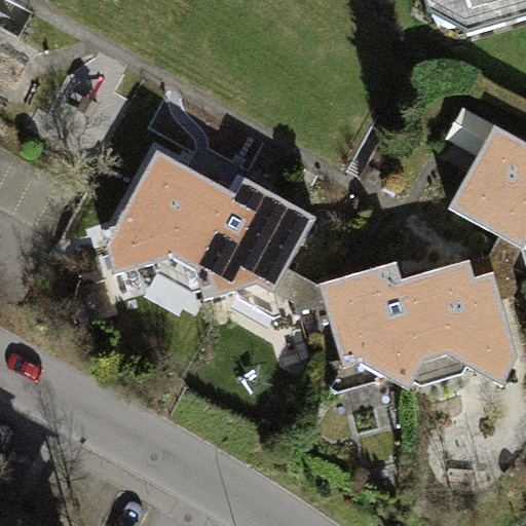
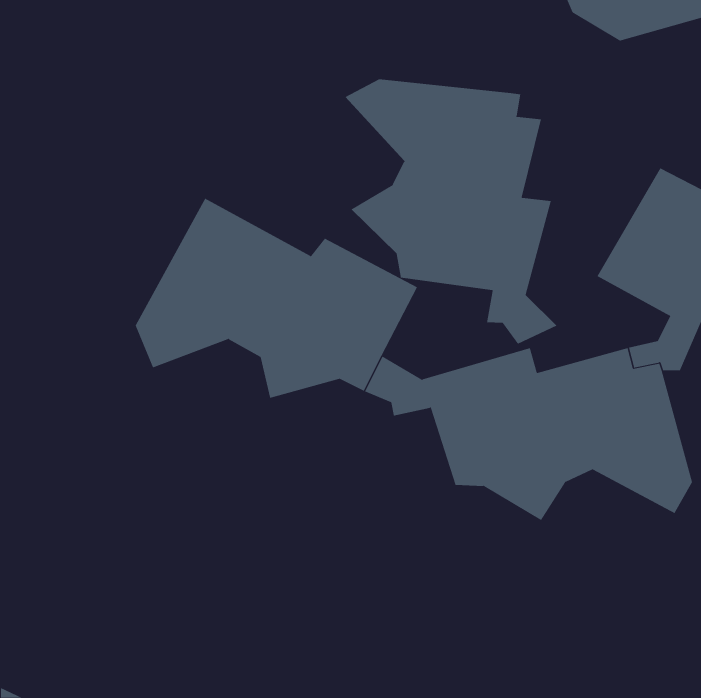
building: none -> [345,79,557,344]

